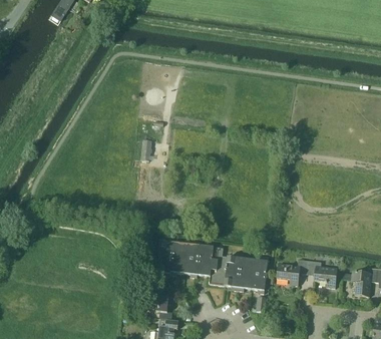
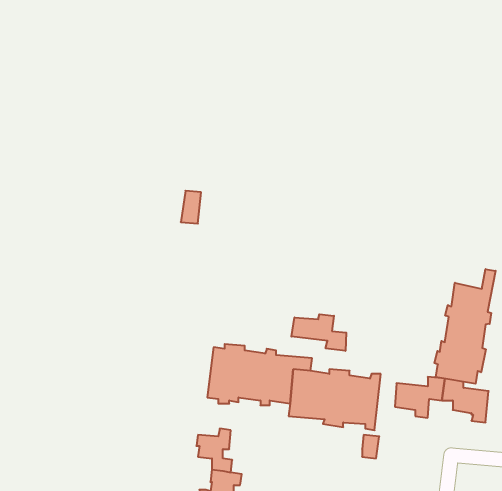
building: none -> [434,269,496,384]
building: none -> [291,314,346,351]

